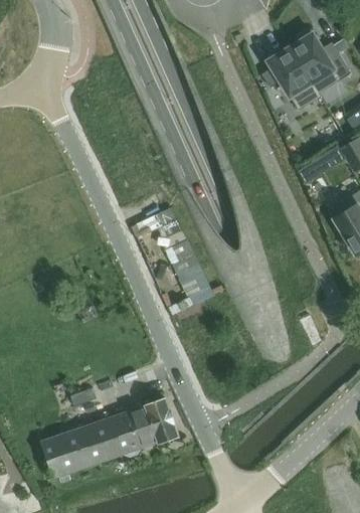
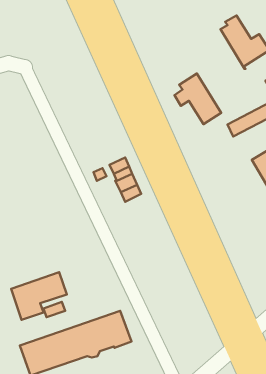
building: [262,47,321,111] -> [174,73,221,124]
building: [178,265,215,306] -> none
building: none -> [11,272,67,320]

